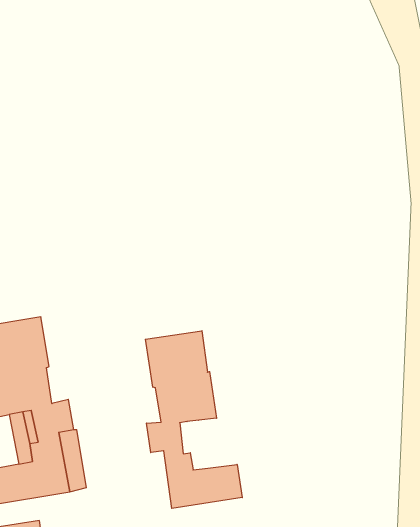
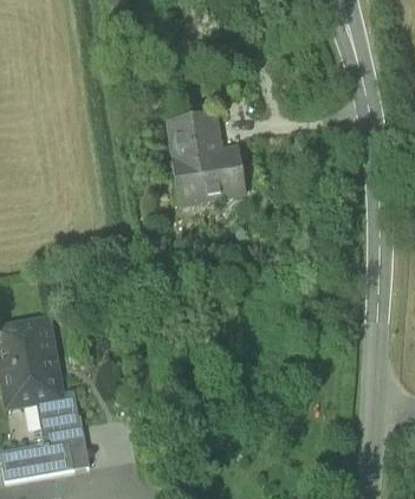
building: none -> [168,112,246,209]
building: [145,331,242,508] -> none

